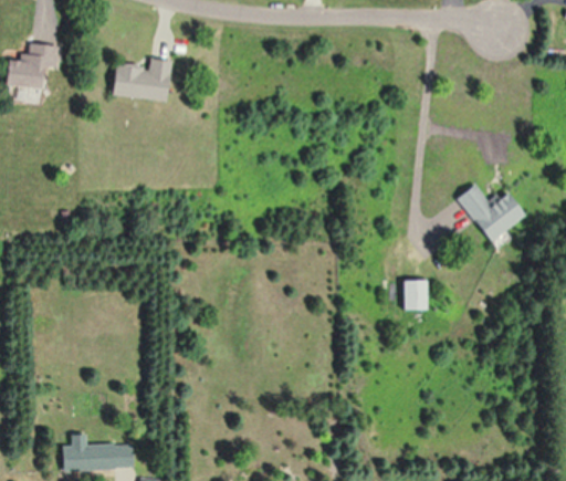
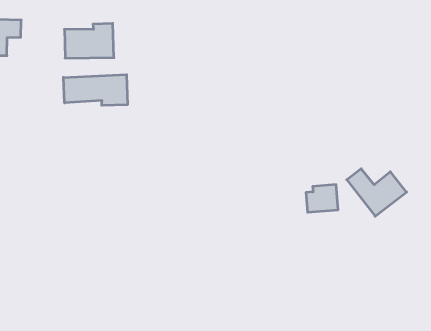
building: none -> [63,75,127,105]
building: [457,182,528,242] -> [347,169,407,216]

